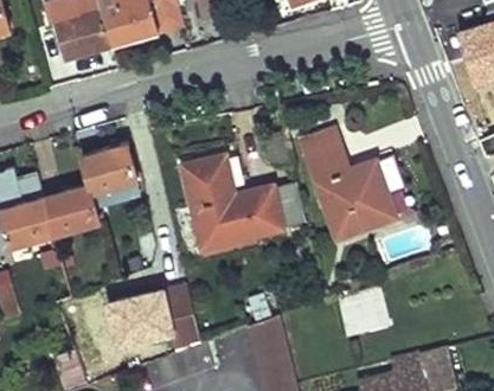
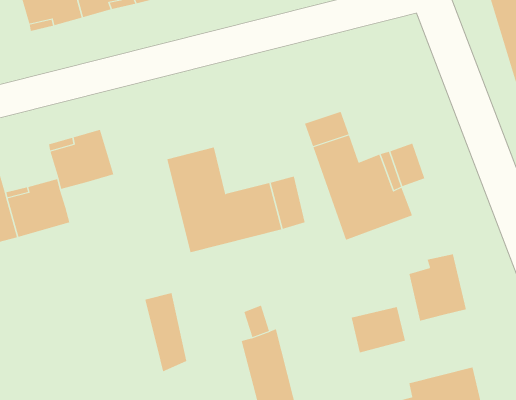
building: none -> [409,254,466,321]
building: [105,290,174,346] -> none

